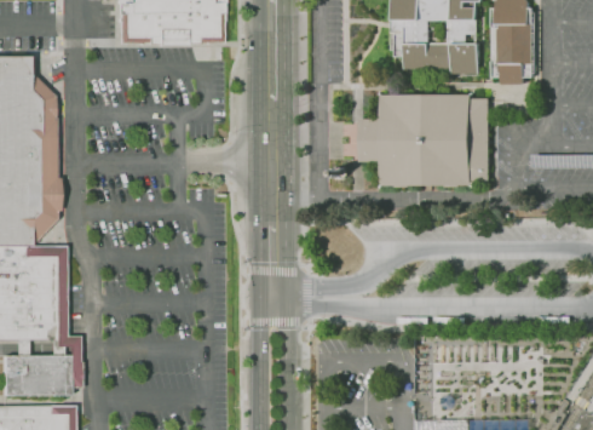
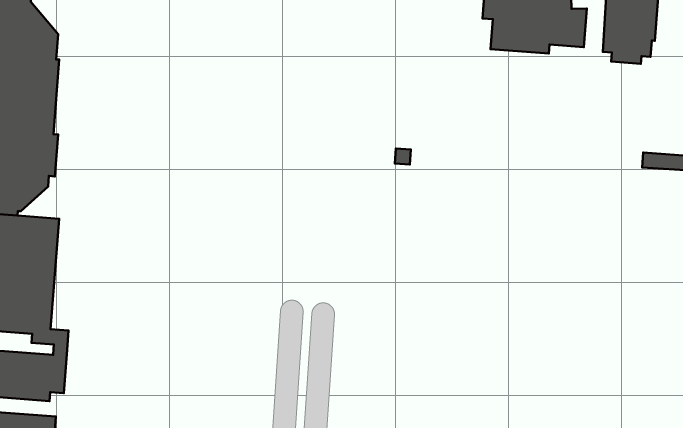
building: [358,93,490,187] -> none

